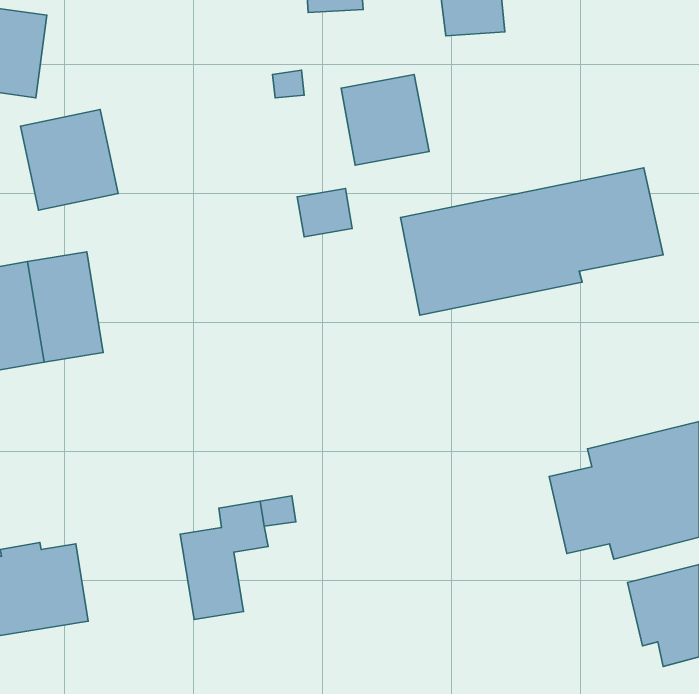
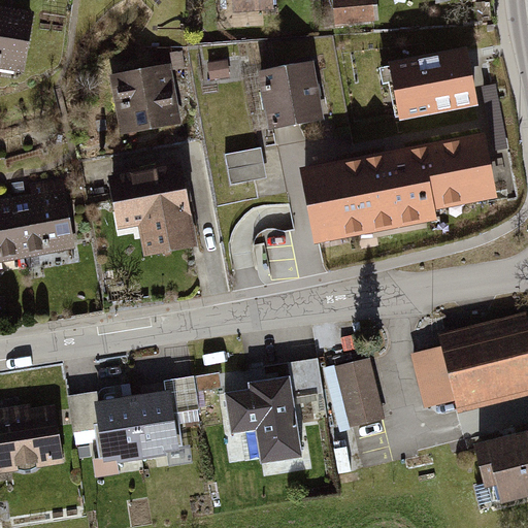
building: none -> [388,40,478,116]
building: [21,110,118,210] -> [108,64,182,139]
building: none -> [110,166,198,261]
building: none -> [321,351,383,423]
building: none -> [225,359,322,472]
building: none -> [67,393,145,482]

